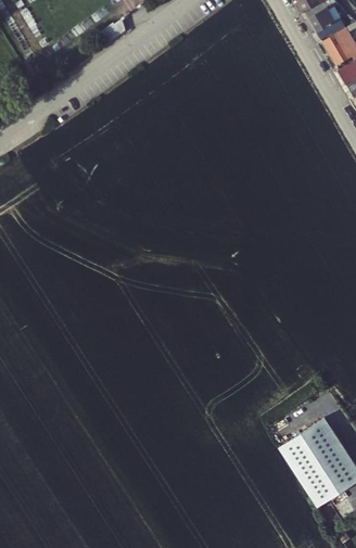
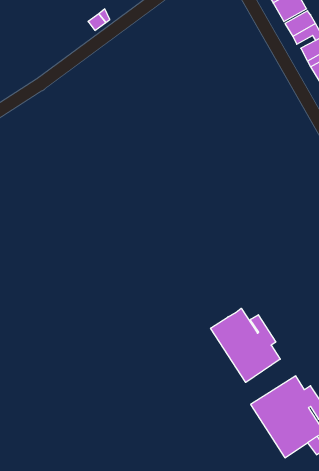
building: none -> [211,308,280,382]

